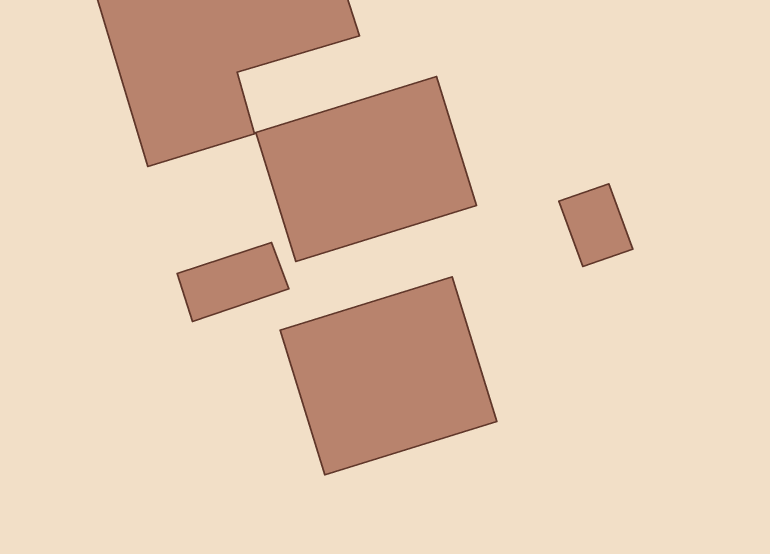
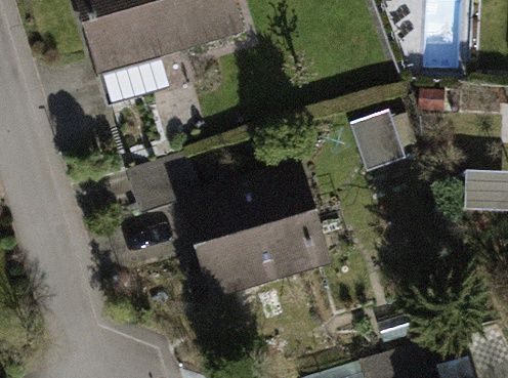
building: [256,76,476,261] -> none

